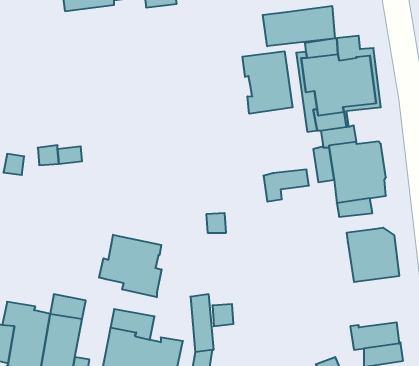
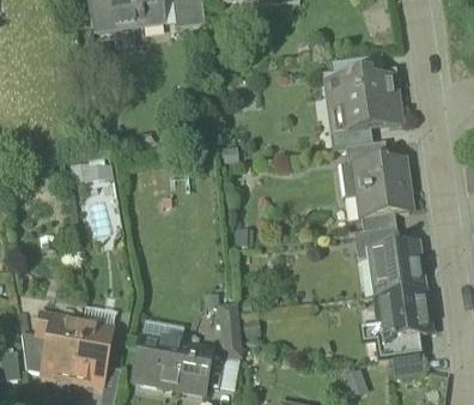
building: [263,6,335,46] -> none
building: [242,51,293,114] -> none
building: [263,170,309,202] -> [354,224,399,255]
building: [99,235,162,297] -> none
building: none -> [377,285,429,336]

